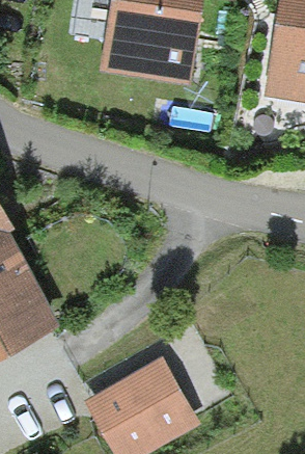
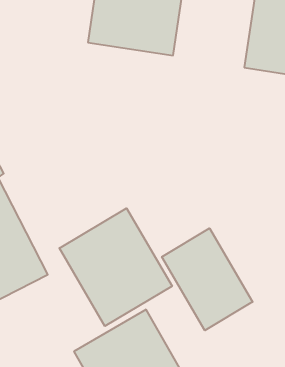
building: none -> [59,208,172,326]
building: none -> [162,228,253,330]

